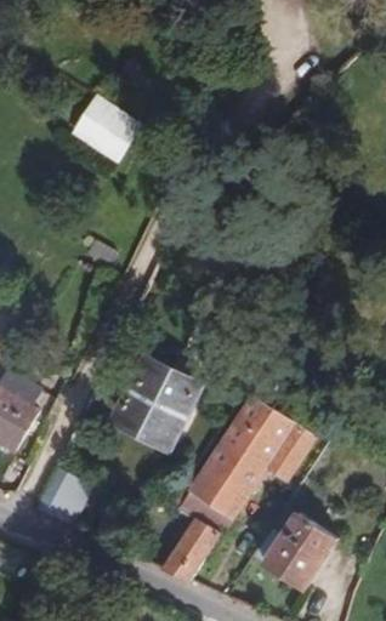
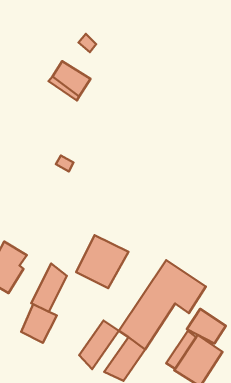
building: none -> [31,263,67,312]
building: none -> [187,309,226,344]
building: none -> [79,321,119,369]

